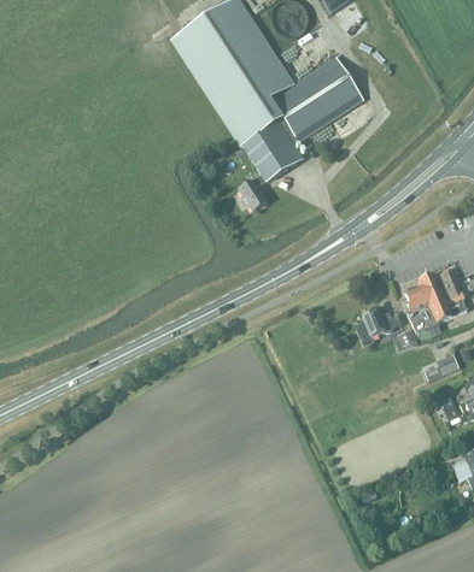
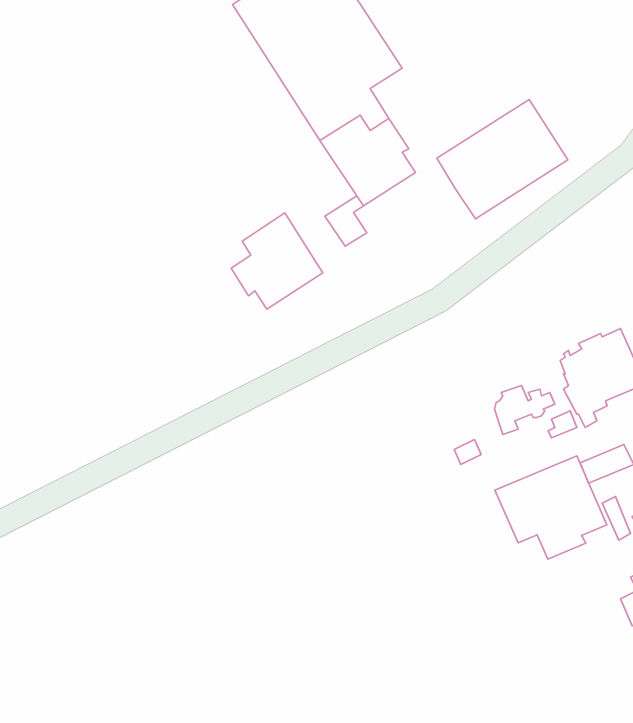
building: [270,55,364,141] -> [437,100,568,219]
building: none -> [231,213,323,309]
building: none -> [495,456,607,559]

